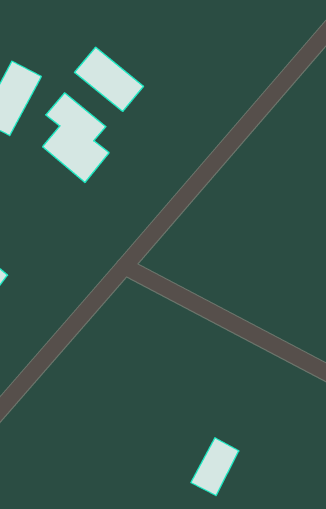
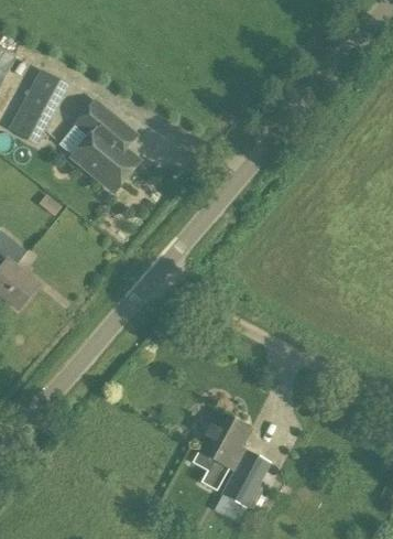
building: [75,47,143,111] -> none
building: none -> [194,411,248,489]

